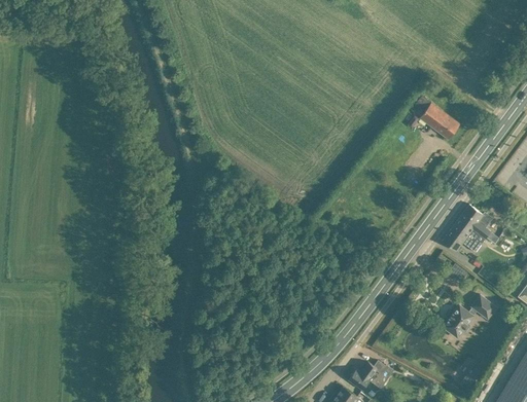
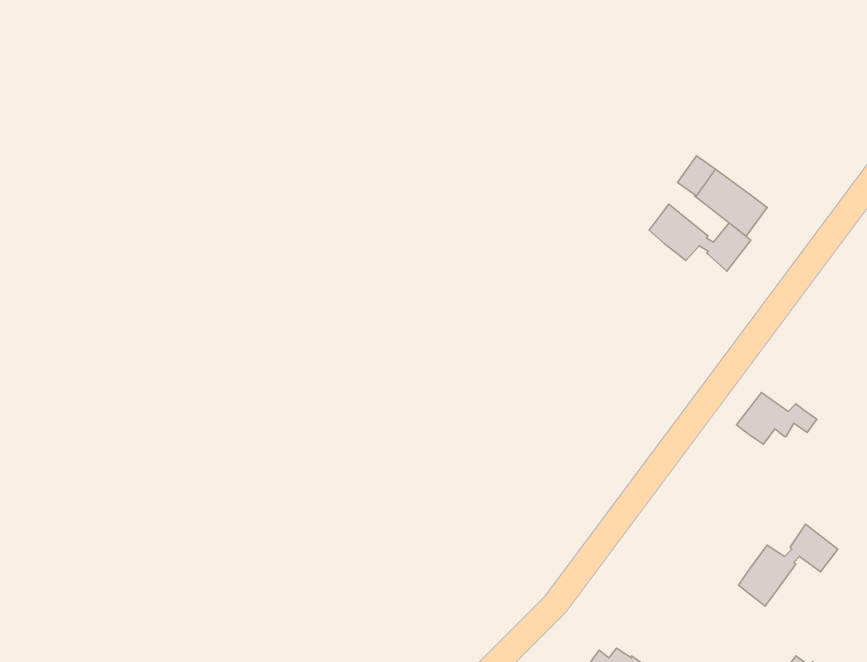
building: none -> [649,204,751,271]
building: [456,206,492,239] -> none

